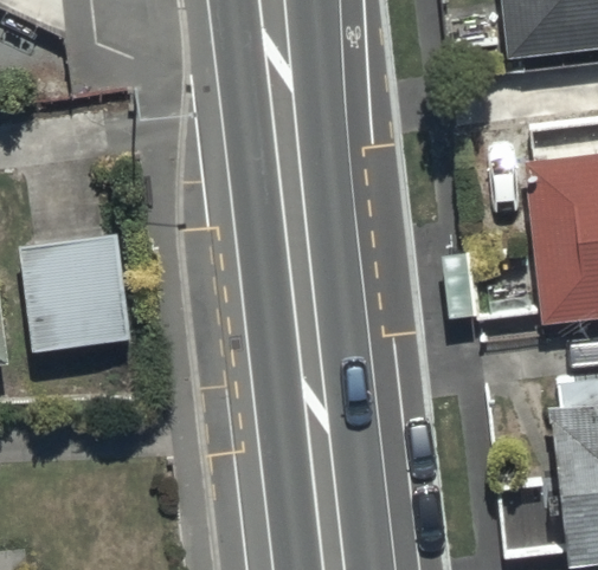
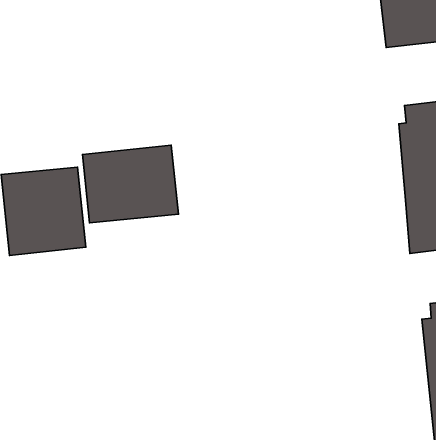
building: none -> [83,145,178,223]

